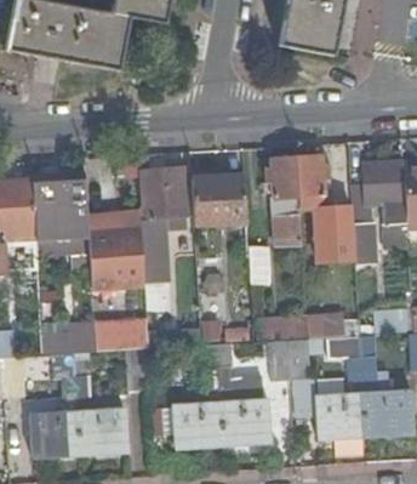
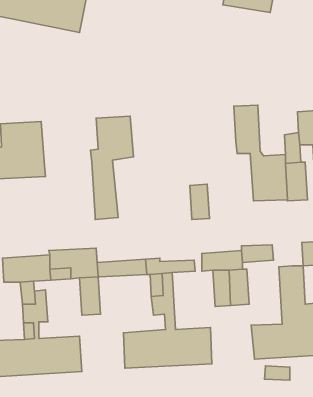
building: [268,156,299,239] -> none
building: [188,173,245,222] -> none
building: [86,218,142,280] -> none

